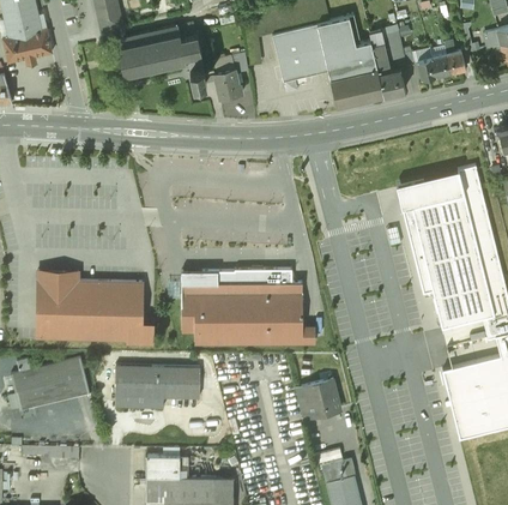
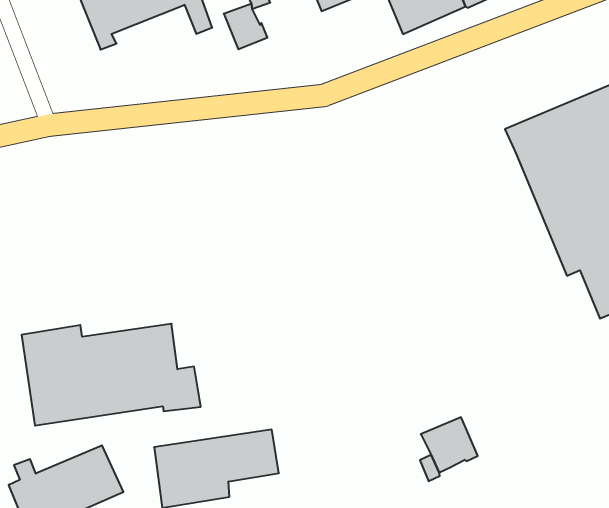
building: [181,270,315,344] -> none

